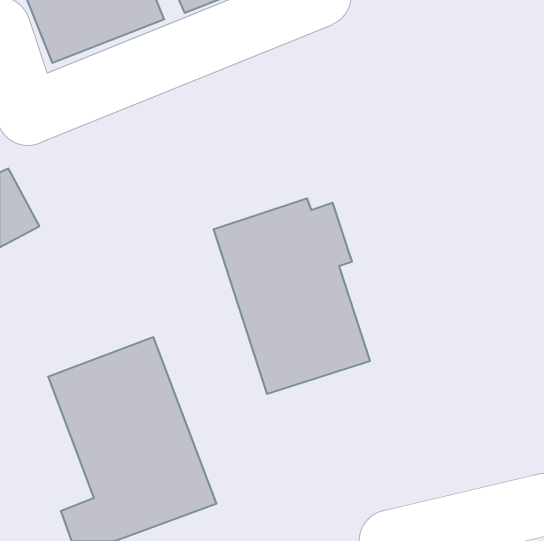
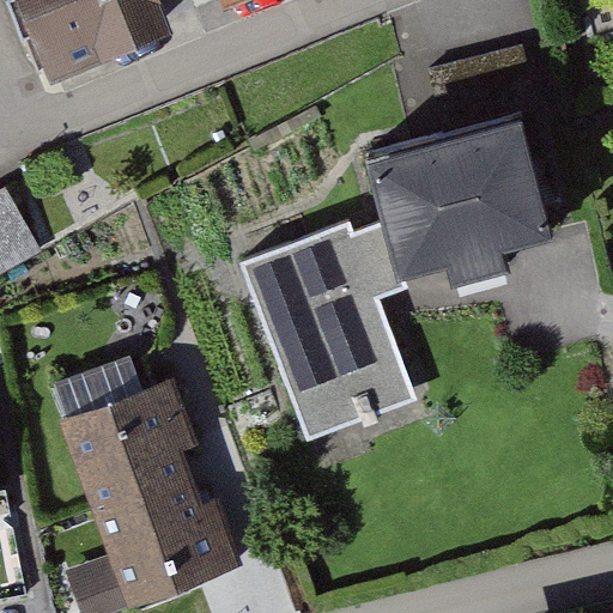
building: none -> [354,119,551,292]

